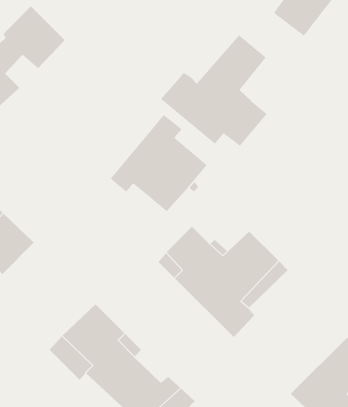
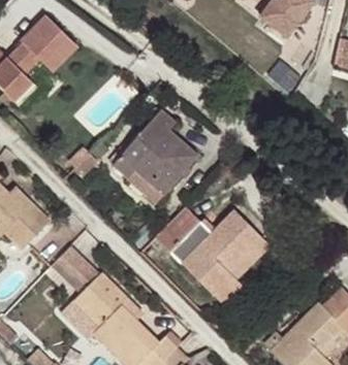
building: [160,35,267,147] -> none
building: none -> [53,240,101,289]

